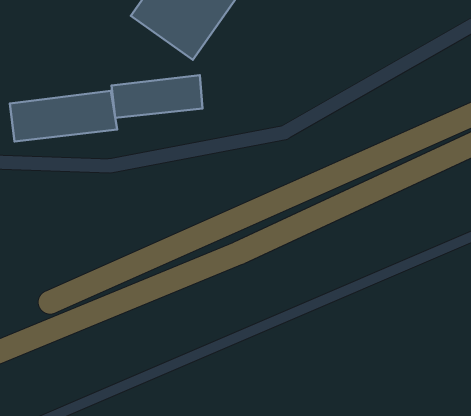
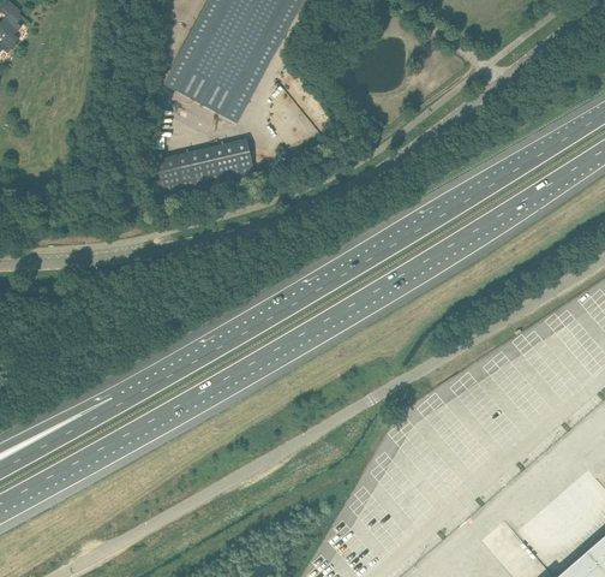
building: [10,91,117,141] -> none

